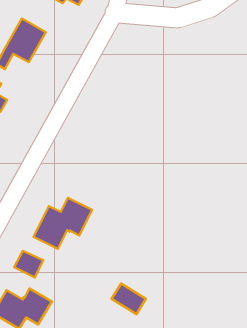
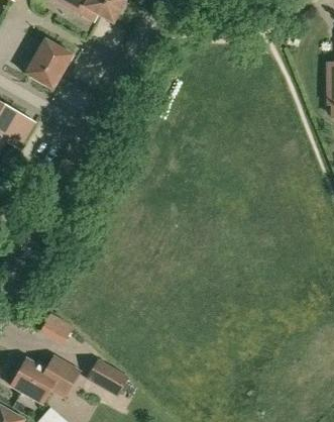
building: [34,198,92,249] -> none
building: [112,283,146,314] -> [87,359,127,396]

